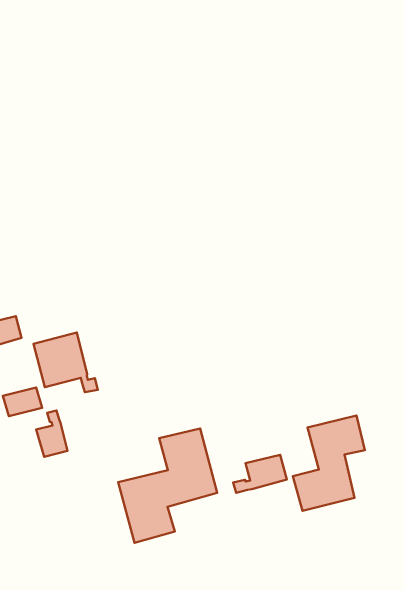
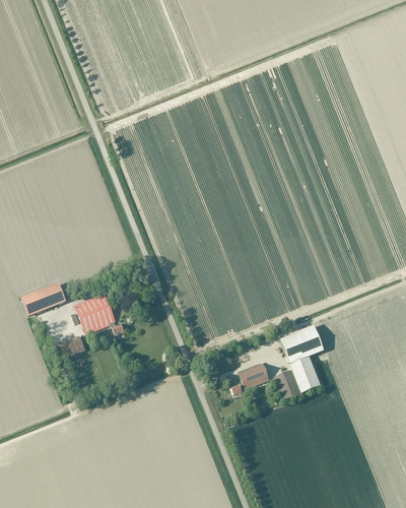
building: [36,410,67,457] -> none
building: [118,428,217,543] -> none

